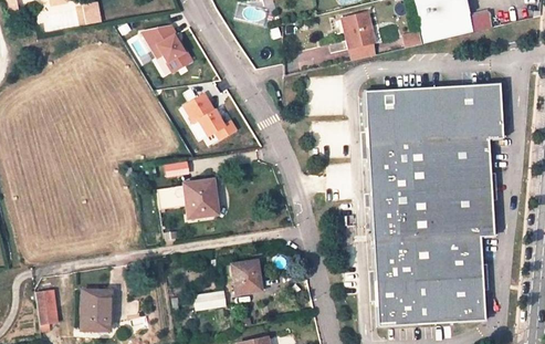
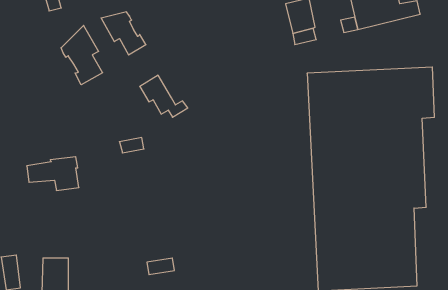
building: none -> [61,25,103,85]
building: [157,180,213,217] -> [27,157,79,190]
building: [231,261,258,293] -> none

